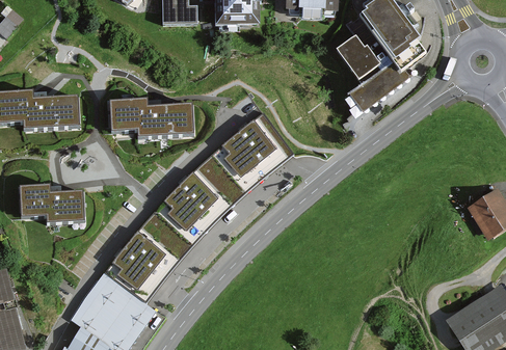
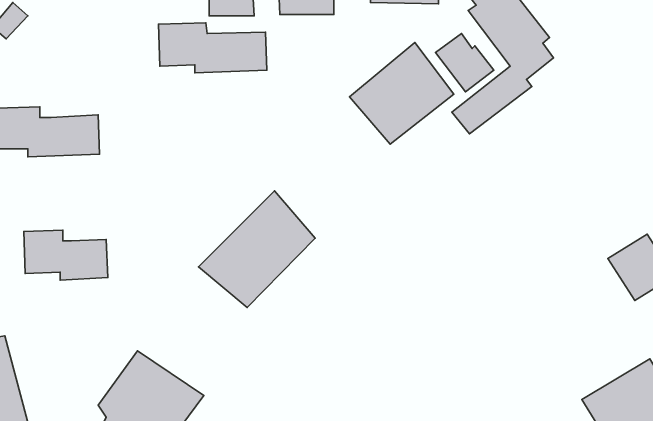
building: [109,99,192,137] -> [158,23,267,73]
building: [211,113,291,191] -> [350,43,454,144]
building: [107,213,190,300] -> none

